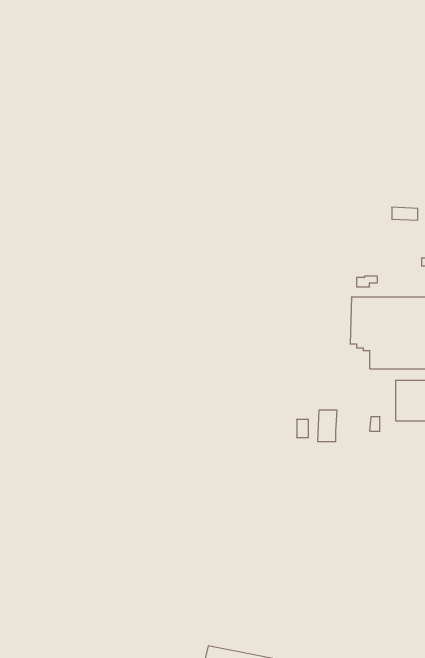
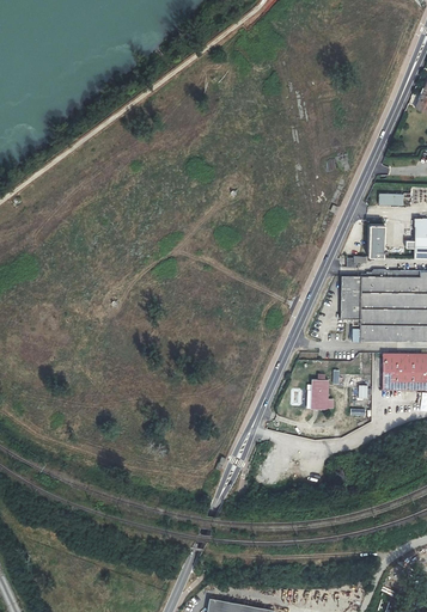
building: none -> [368,225,388,257]

